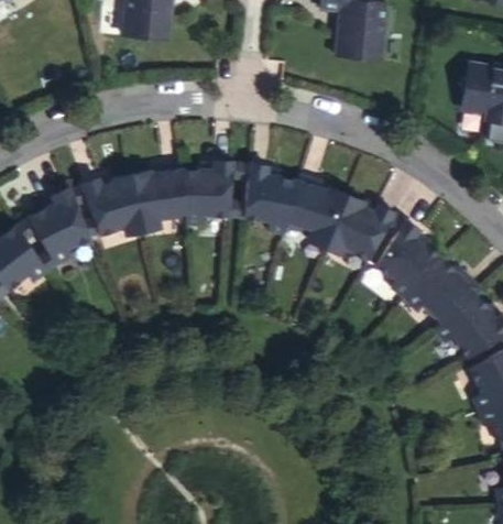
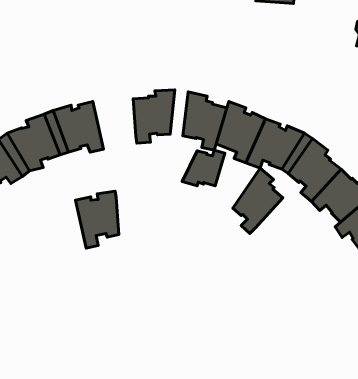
building: [136,165,189,234] -> [76,191,119,248]
building: none -> [182,150,225,186]
building: none -> [233,168,283,233]

